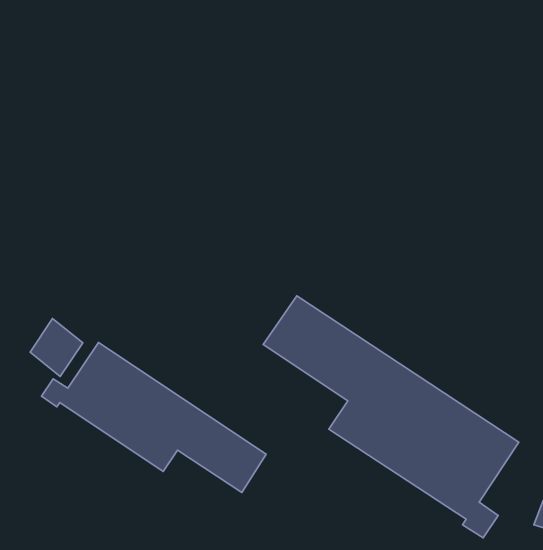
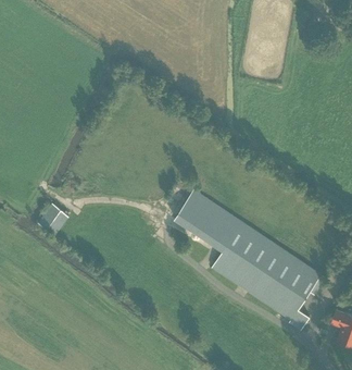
building: [42,342,266,492] -> none

